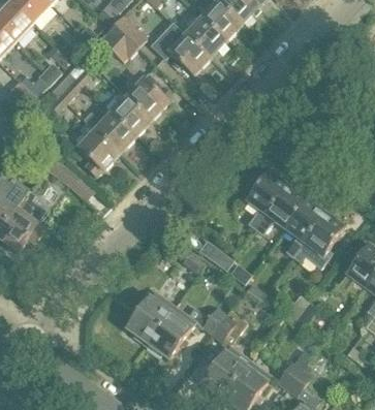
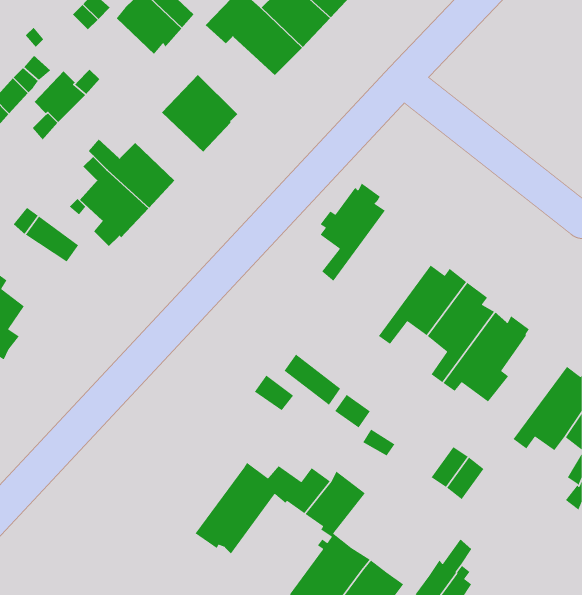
building: [111,96,151,136] -> none
building: [246,169,285,228] -> [320,182,386,282]
building: [126,290,175,345] -> none

